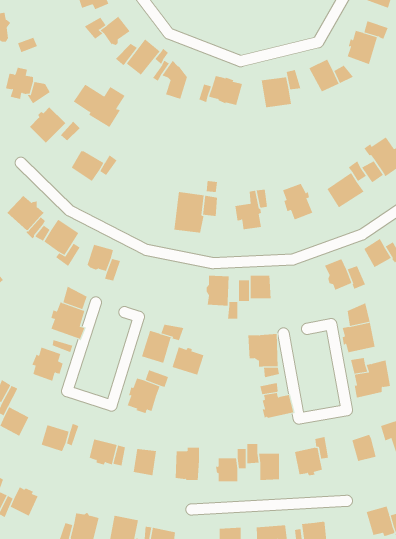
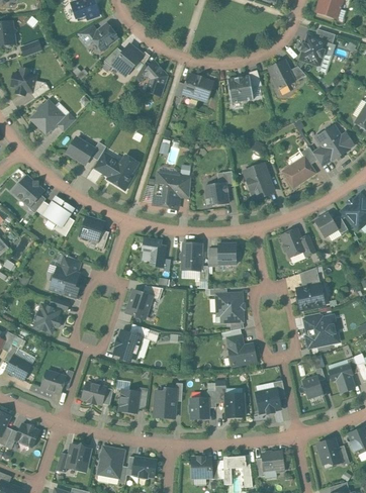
building: [73,84,125,128] -> [94,153,139,190]
building: none -> [142,237,166,268]
building: [172,347,204,376] -> none

